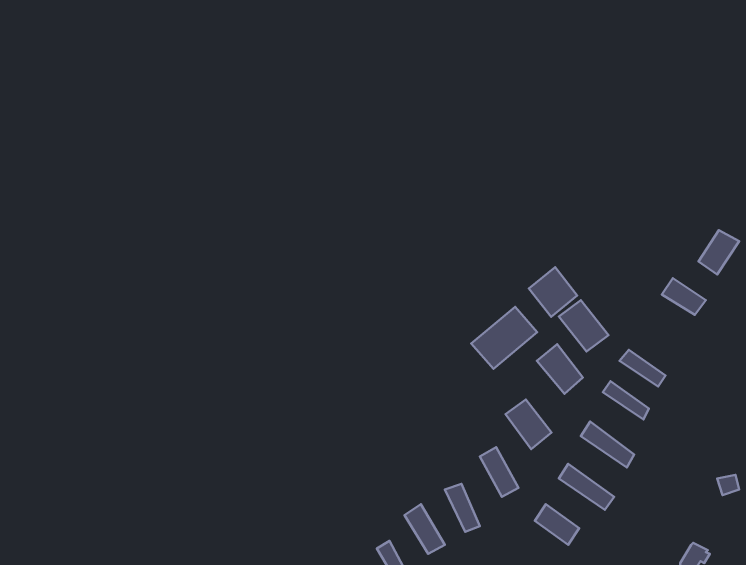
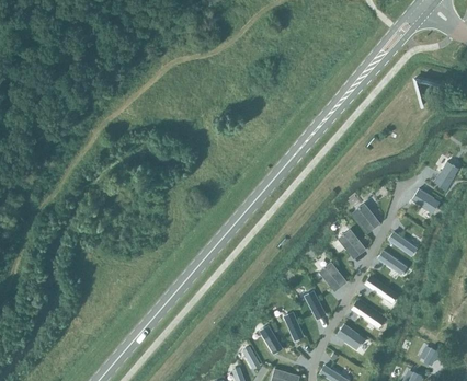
building: [529,267,577,317] -> none
building: [471,307,537,369] -> none

